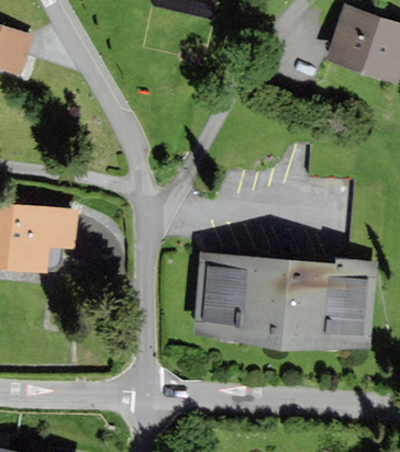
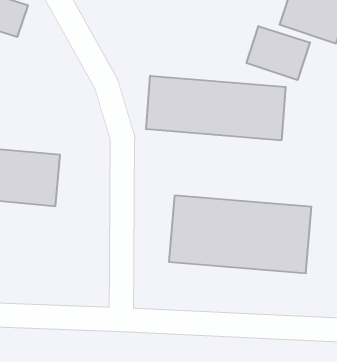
building: none -> [246,26,310,80]
building: none -> [146,76,286,140]

